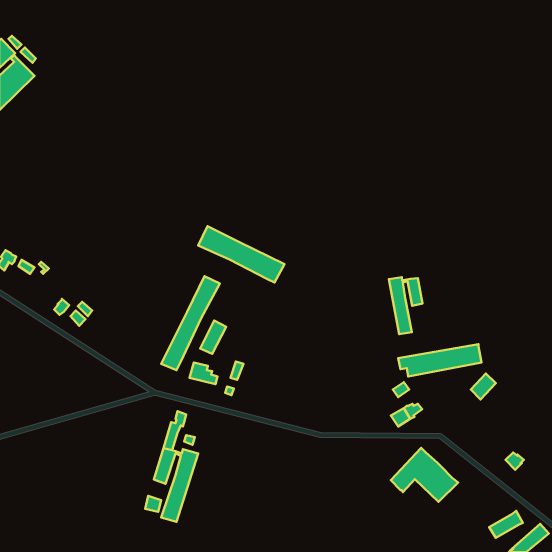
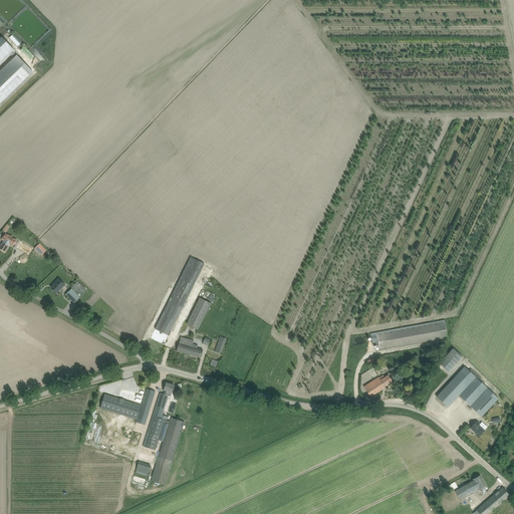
building: [198,226,285,283] -> none
building: [389,277,422,334] -> none
building: none -> [99,388,155,424]
building: [391,448,458,502] -> [436,365,498,416]

